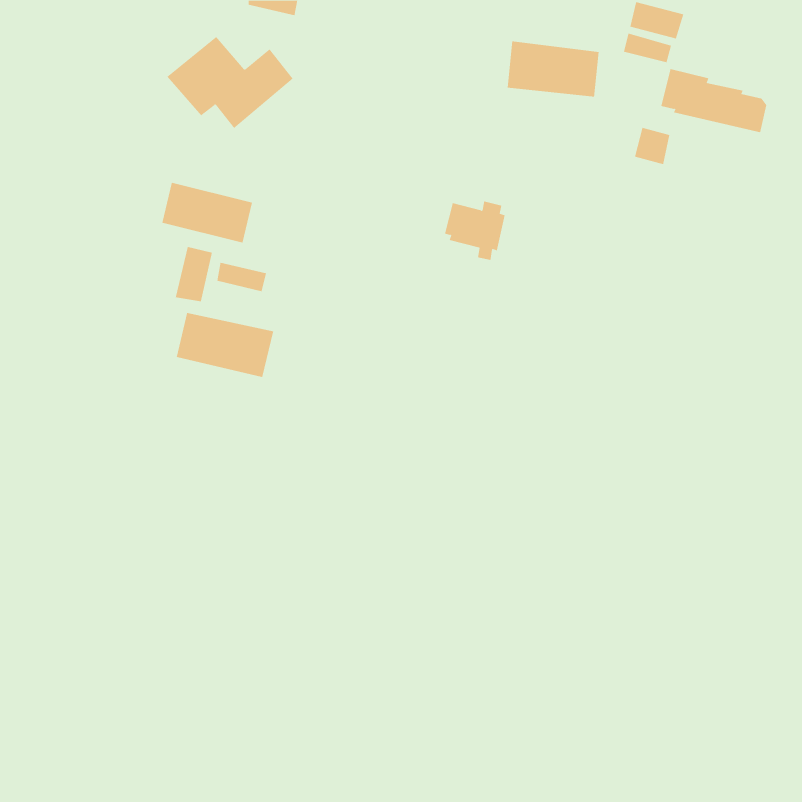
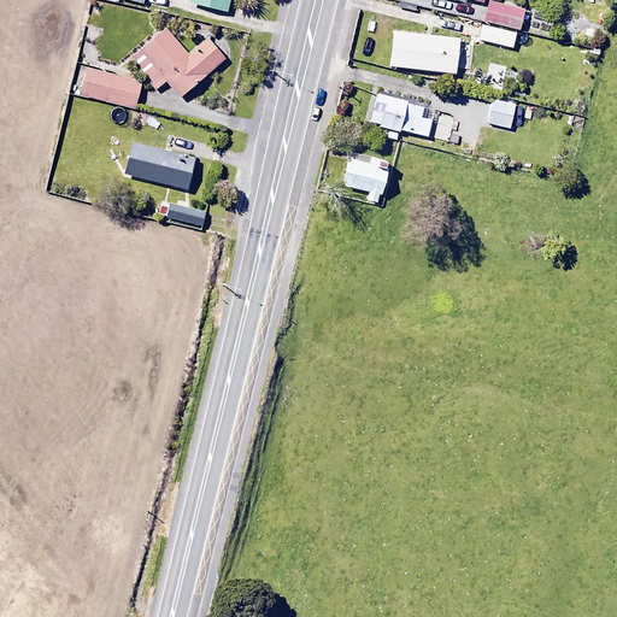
building: [660,69,767,133] -> [371,90,453,140]
building: none -> [80,69,142,108]
building: [175,246,212,302] -> none
building: [176,312,274,378] -> none

